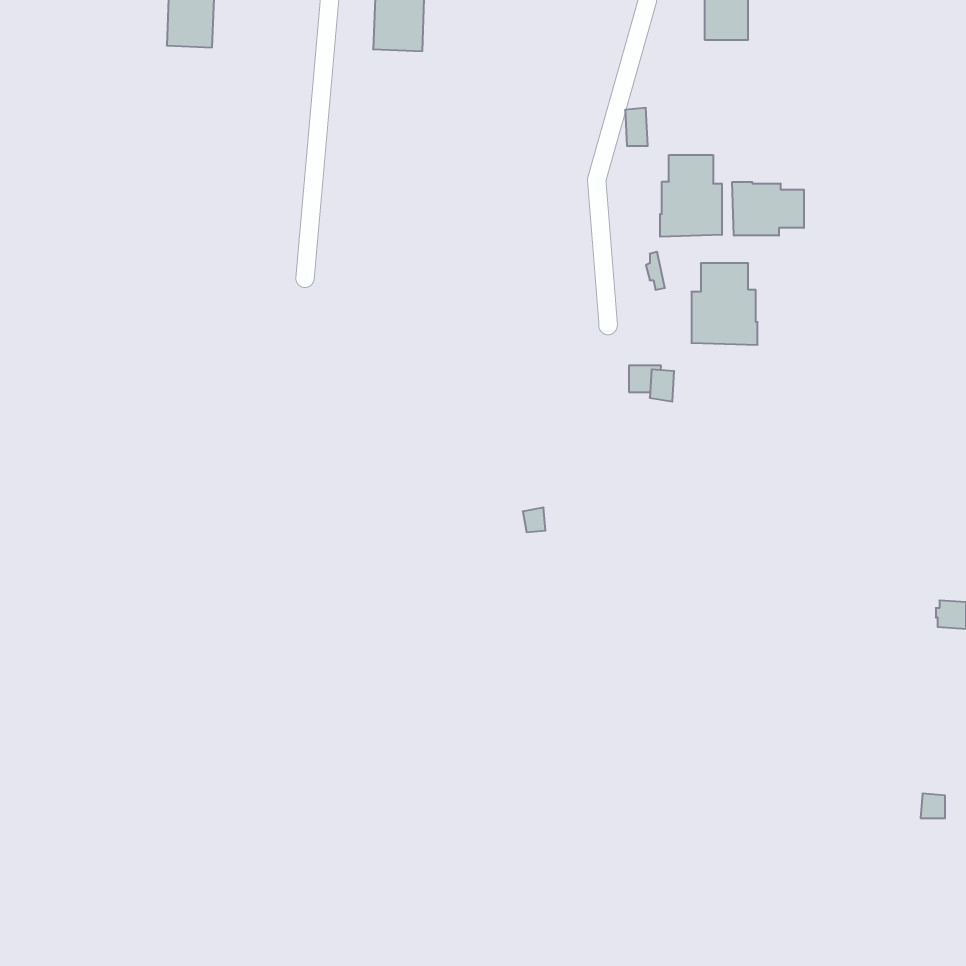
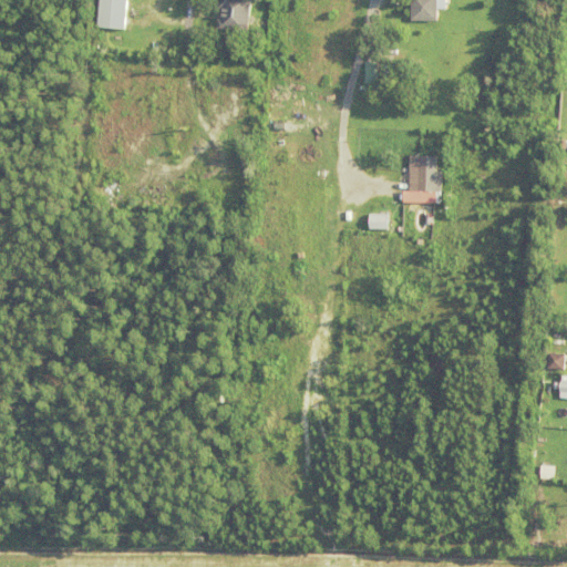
building: [660,155,722,237] -> none
building: [732,182,804,236] -> none

